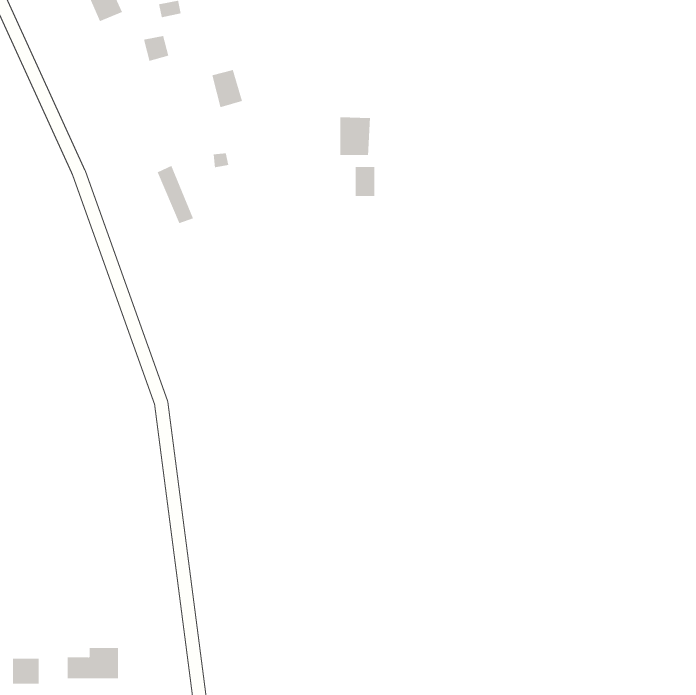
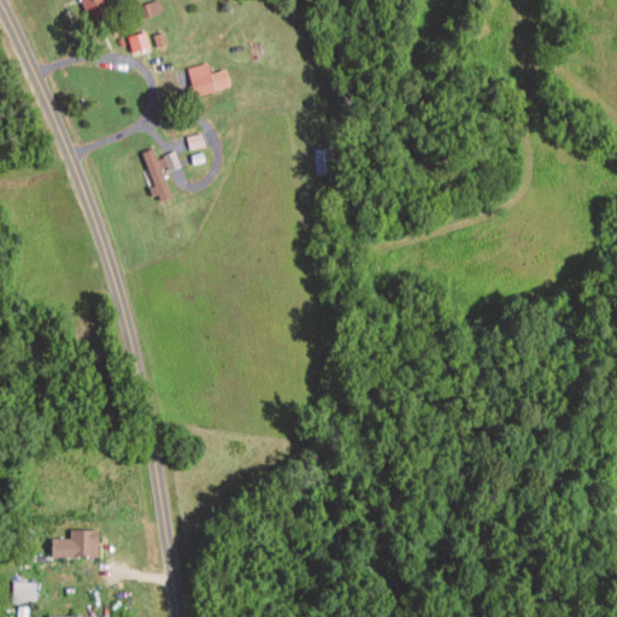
building: [340,116,371,156] -> none
building: [67,647,119,679] -> [52,529,98,557]

